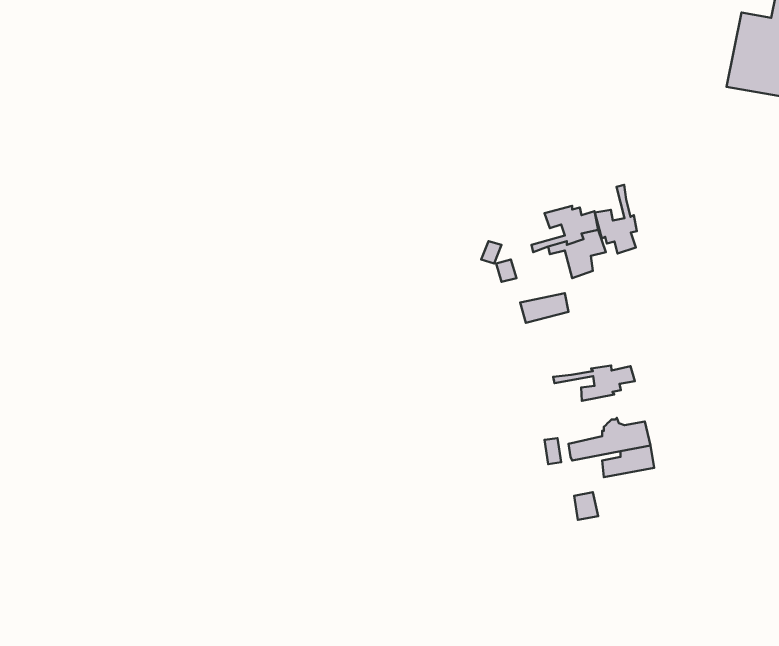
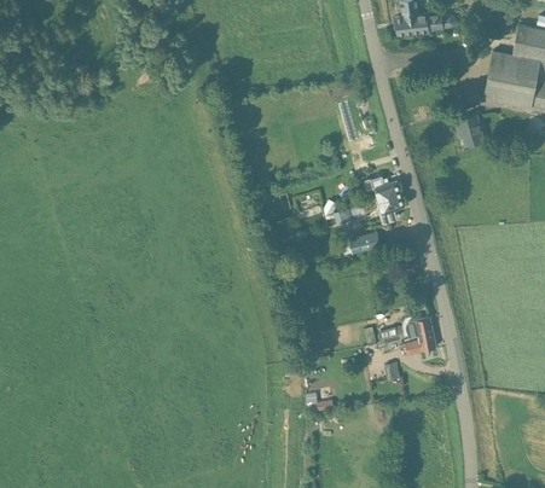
building: none -> [454,115,485,146]
building: [595,185,637,254] -> none
building: [553,366,635,401] -> none

